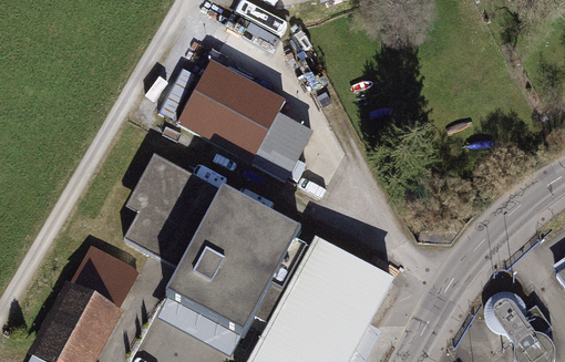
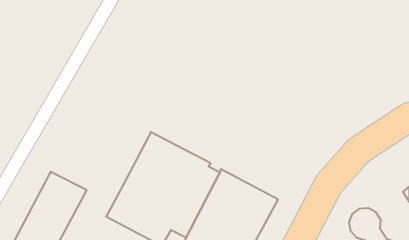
building: [178,63,309,180] -> none
building: [124,163,224,272] -> none

